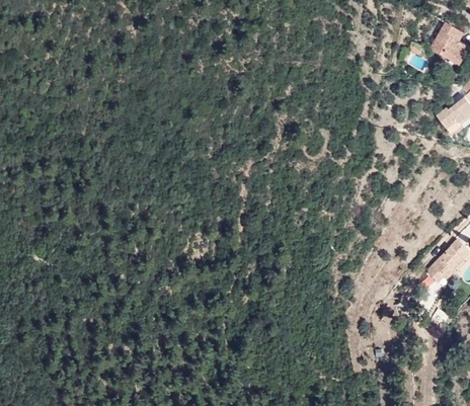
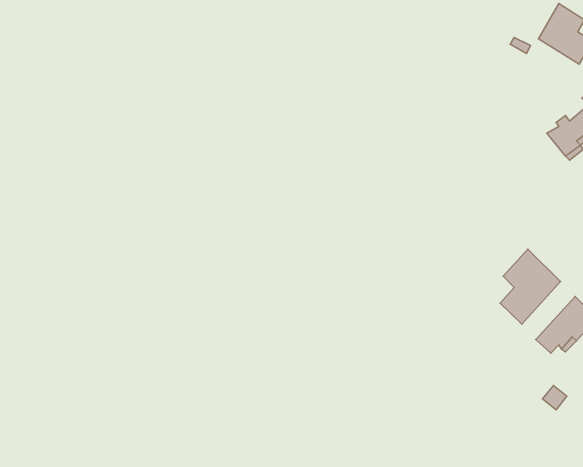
building: none -> [500,249,561,324]

